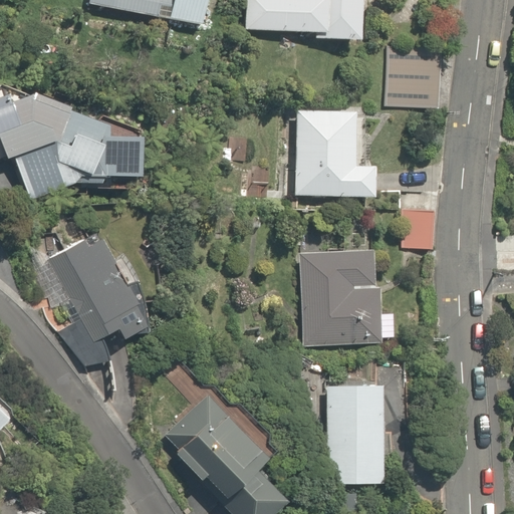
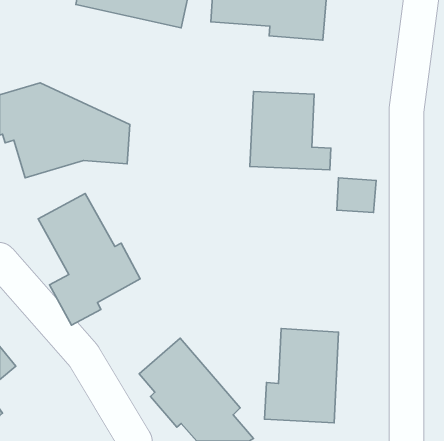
building: [378,39,440,108] -> none
building: [294,250,399,343] -> none

